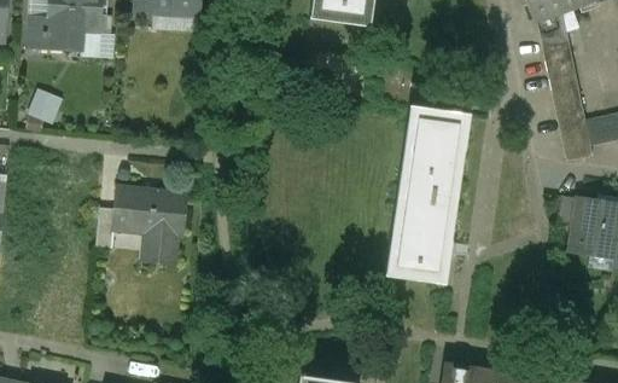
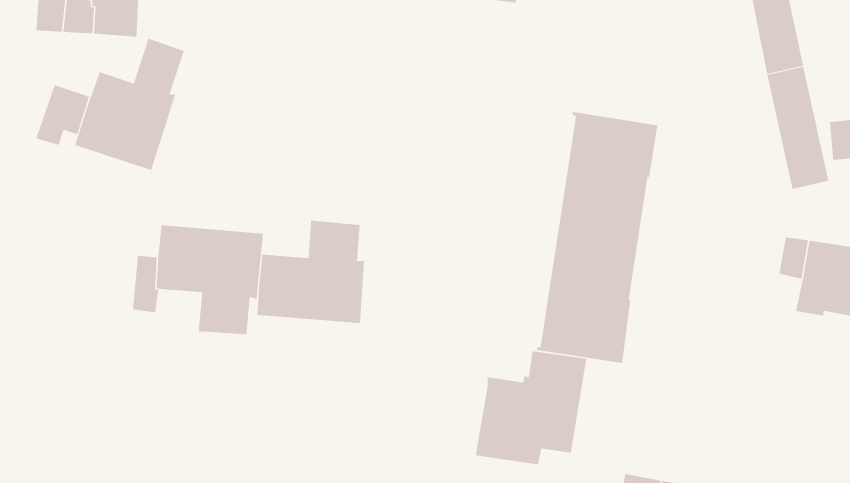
building: none -> [75,38,184,171]
building: none -> [257,220,364,324]
building: none -> [475,350,587,465]

